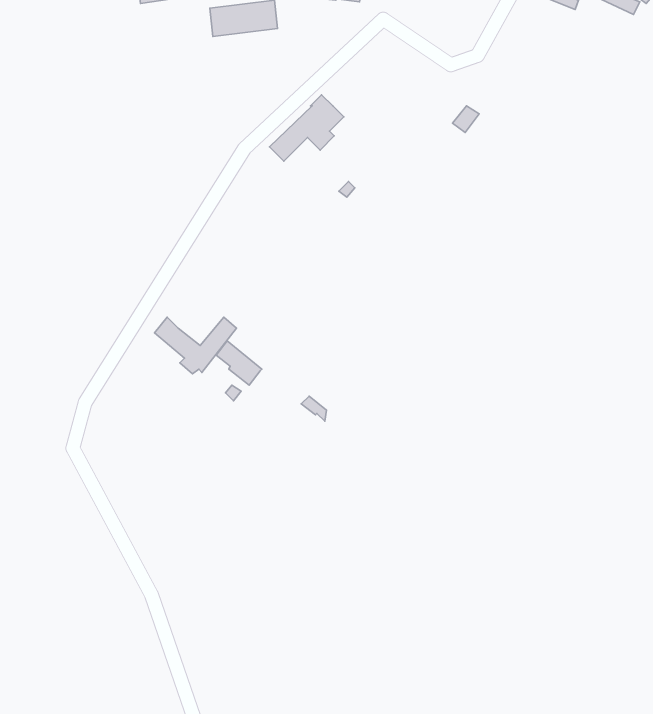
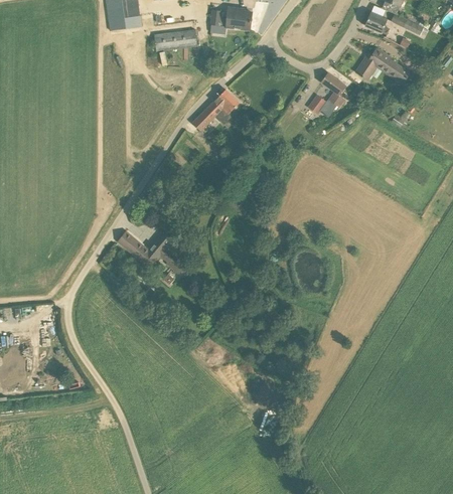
building: none -> [355,47,409,84]
building: none -> [320,71,346,111]

